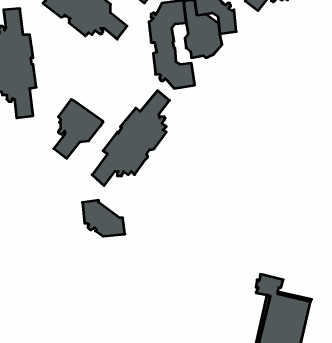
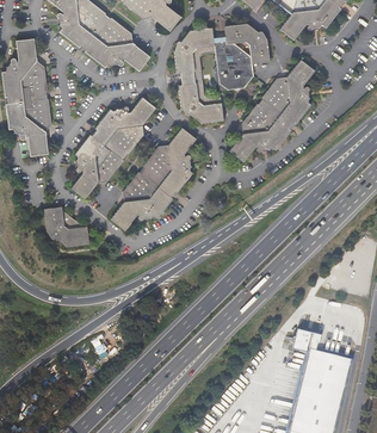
building: none -> [229,60,315,163]
building: none -> [92,99,155,161]
building: [82,200,125,236] -> [44,208,91,247]

